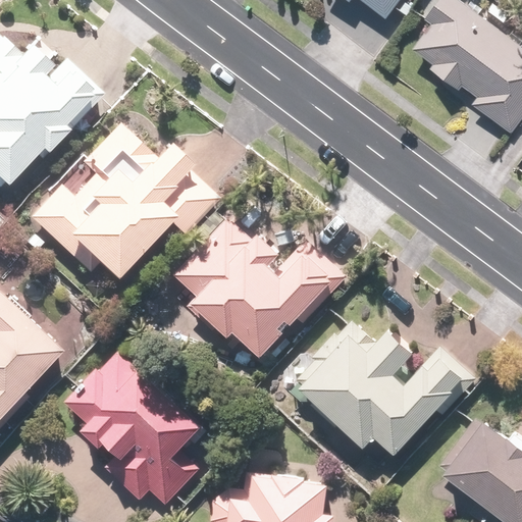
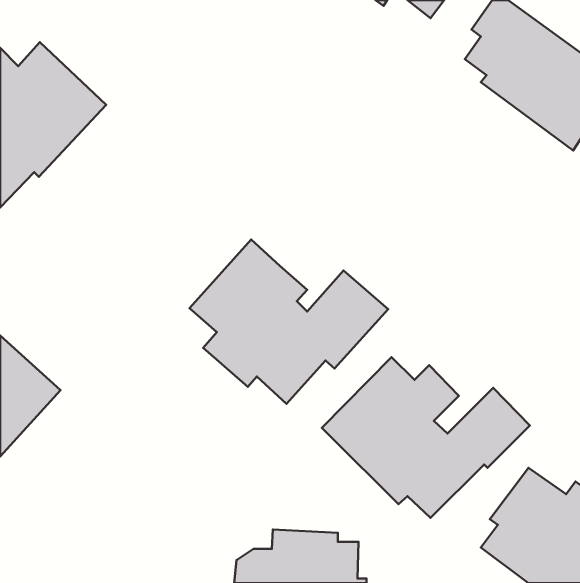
building: [28,123,218,279] -> none
building: [64,355,202,509] -> none

